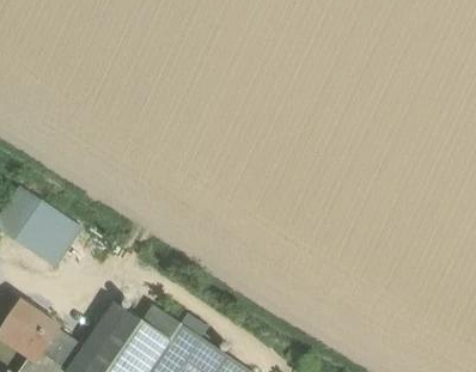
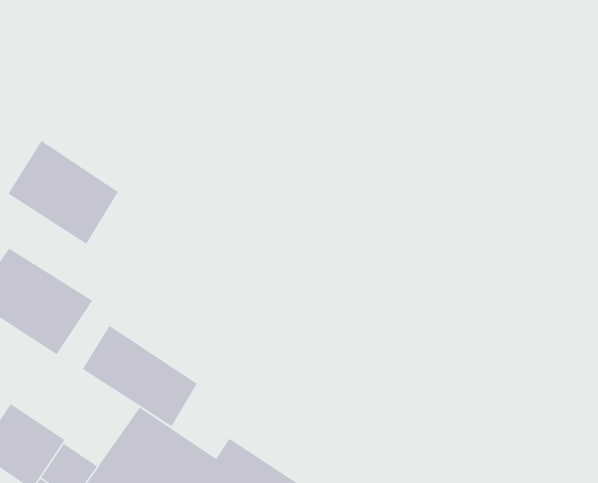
building: none -> [7,140,119,245]
building: none -> [82,325,198,427]

